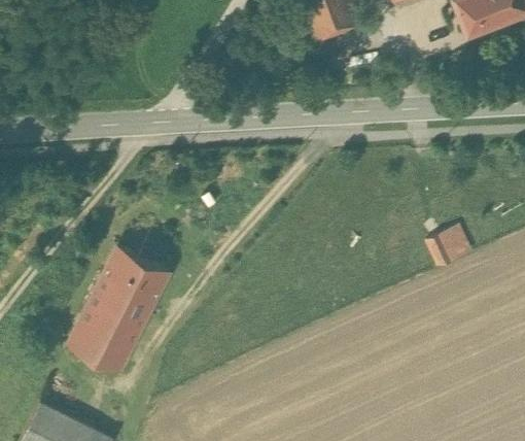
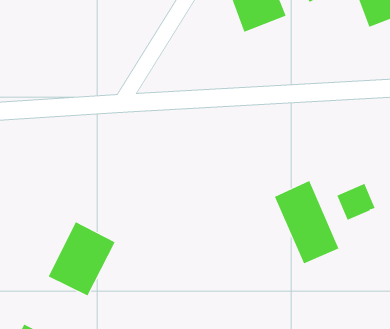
building: none -> [274,180,339,264]
building: [104,247,169,302] -> none

